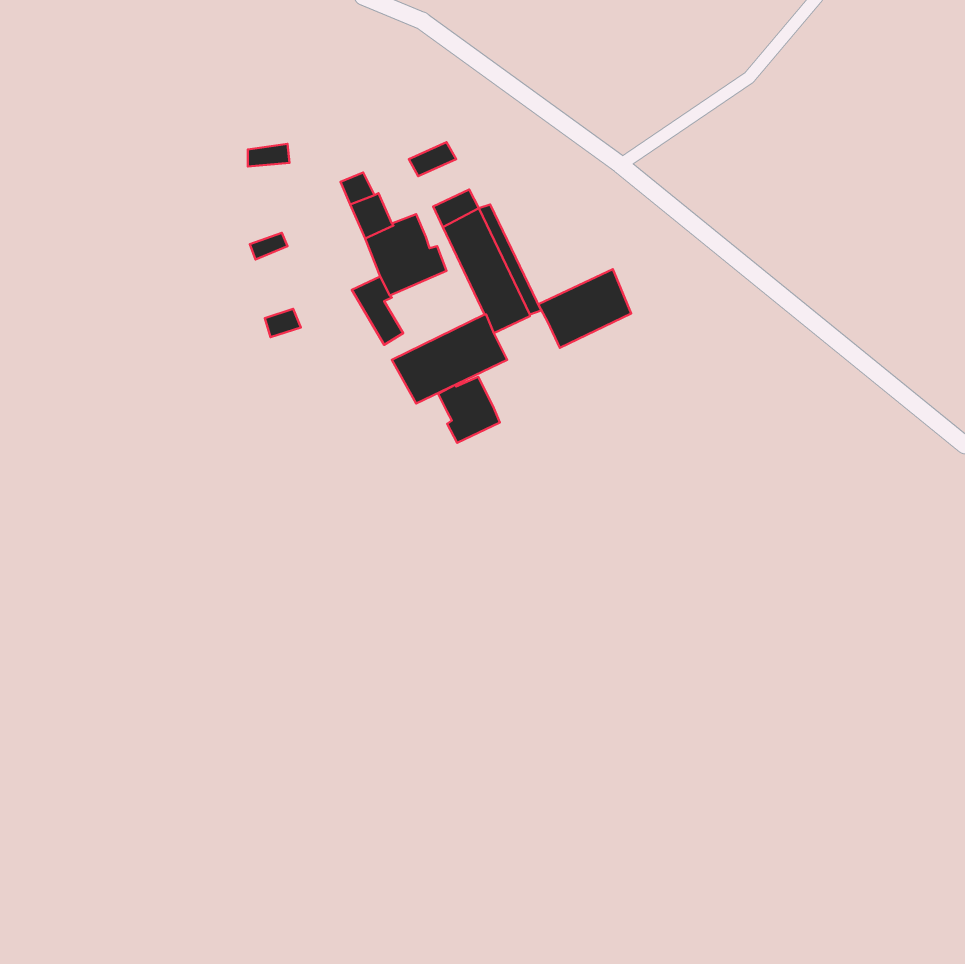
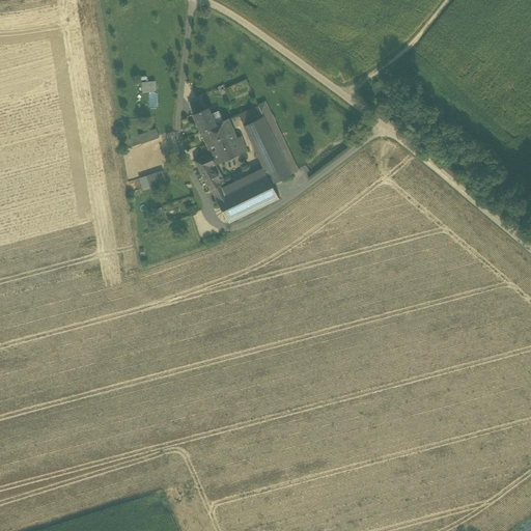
building: [538,269,631,348] -> none
building: [438,377,500,443] -> none

